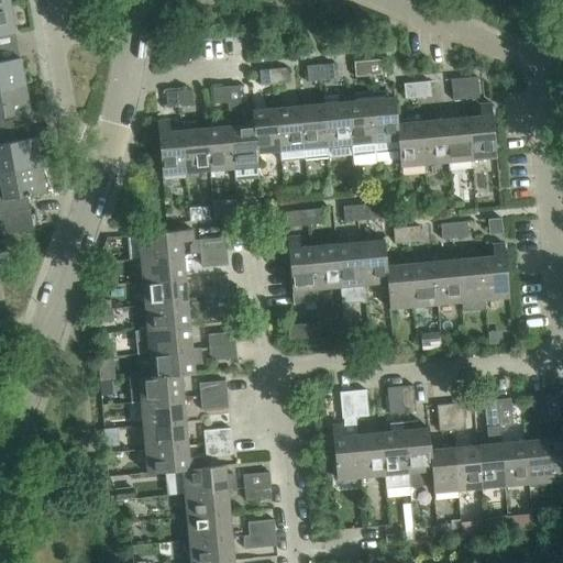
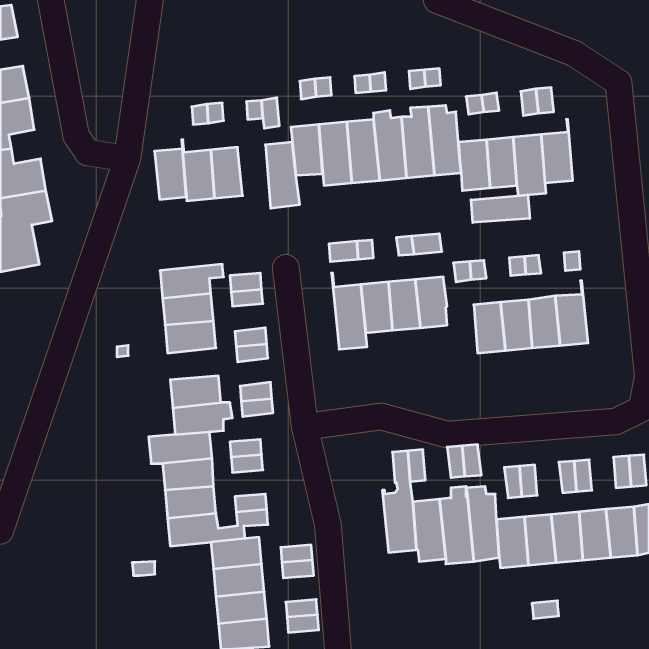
building: [206,125,233,169] -> [154,149,186,199]
building: none -> [471,195,530,223]
building: [386,264,413,308] -> none
building: [145,301,189,329] -> none

